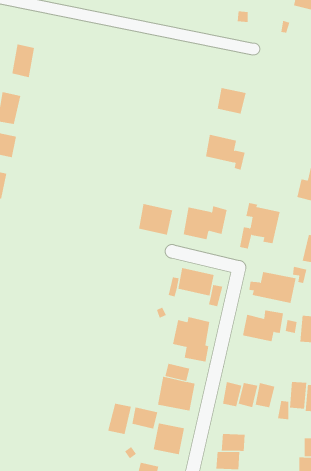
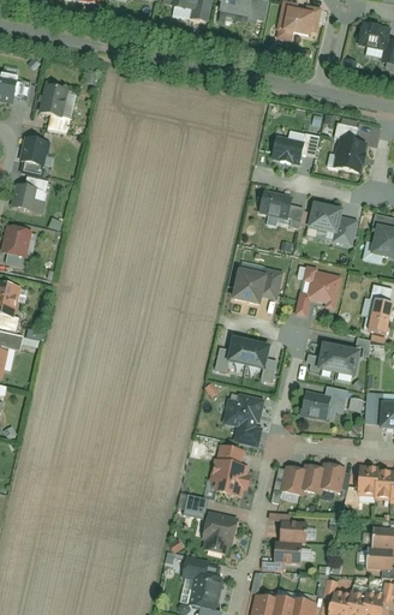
building: none -> [334,136,370,171]
building: none -> [309,201,360,245]
building: [139,203,173,235] -> none
building: [107,403,131,435] -> none

